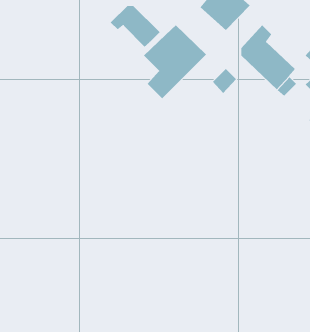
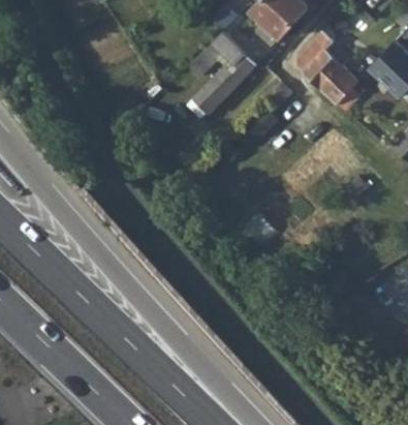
building: [110,5,160,47] -> none

